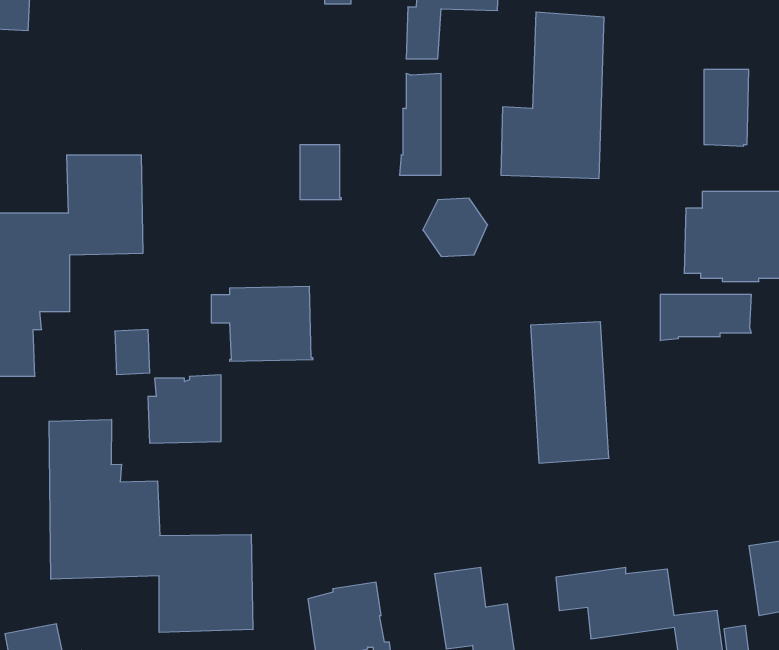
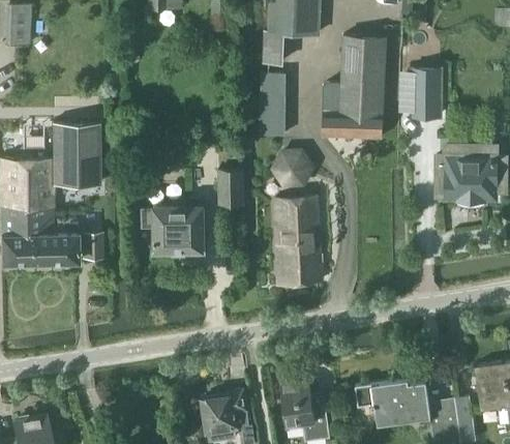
building: [704,70,749,146] -> [413,70,441,118]
building: [300,145,341,200] -> [218,172,244,206]
building: [660,294,751,341] -> none
building: [531,322,609,463] -> [274,198,323,286]
building: [148,375,221,443] -> [31,219,77,262]
building: [49,419,253,632] -> none

